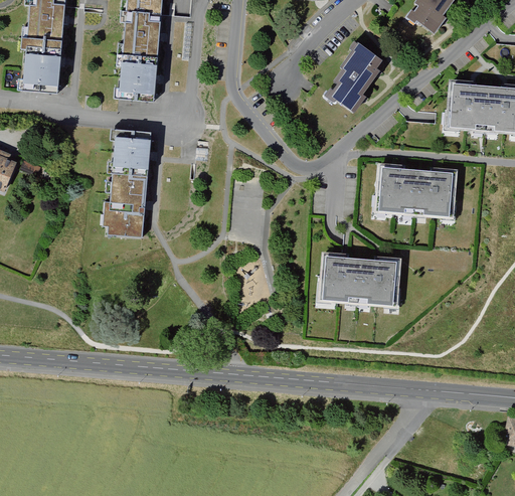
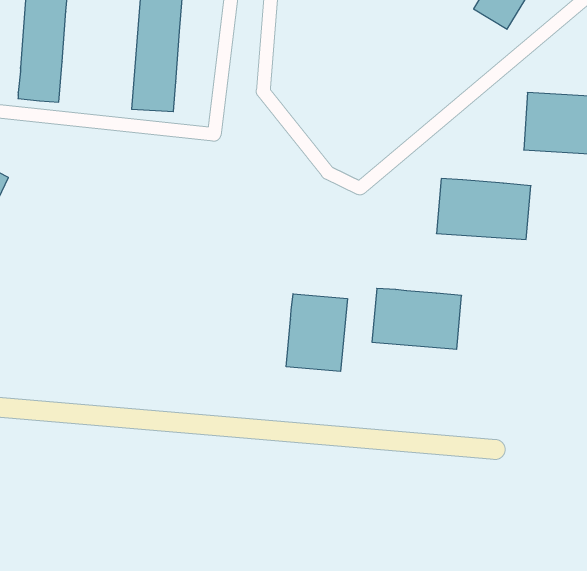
building: [325,43,384,112] -> none
building: [101,130,151,236] -> none
building: none -> [286,294,347,371]

